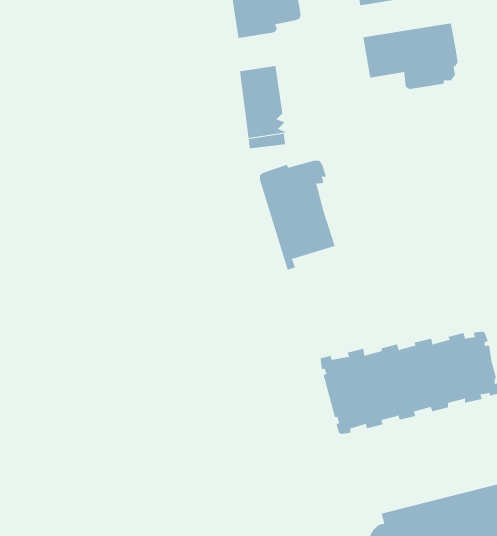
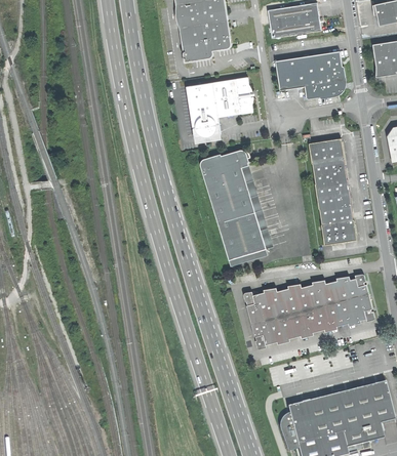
building: none -> [212,77,252,116]
building: none -> [309,137,357,245]
building: none -> [221,212,267,260]

